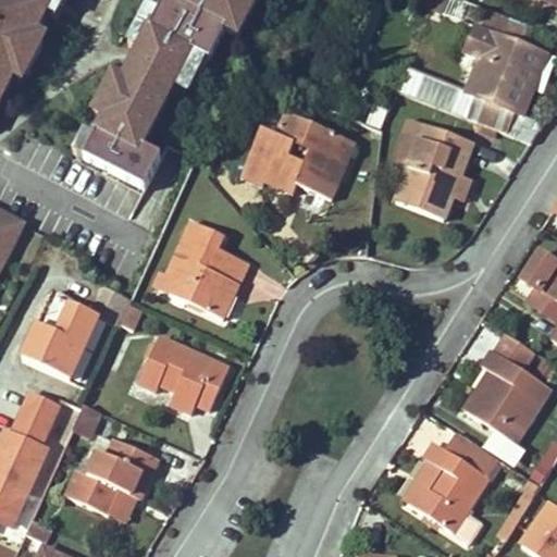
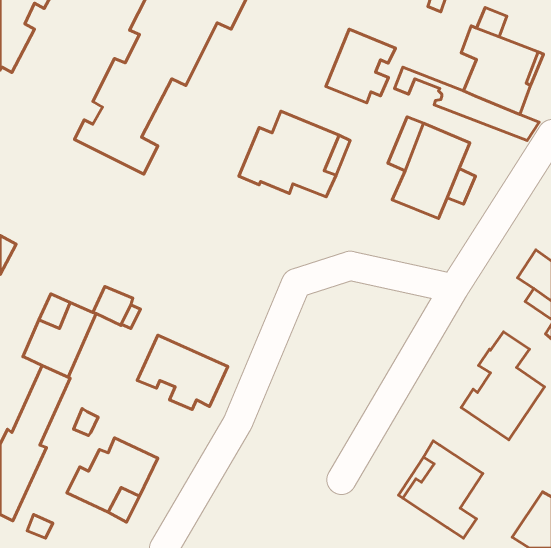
building: none -> [326,29,396,103]
building: [165,220,250,319] -> none
building: [444,430,499,476] -> none

